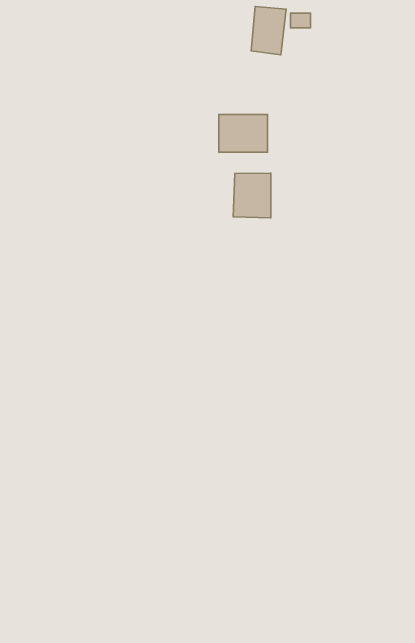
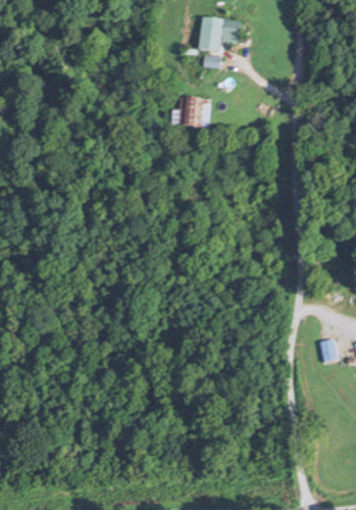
building: [233,173,271,218] -> none

